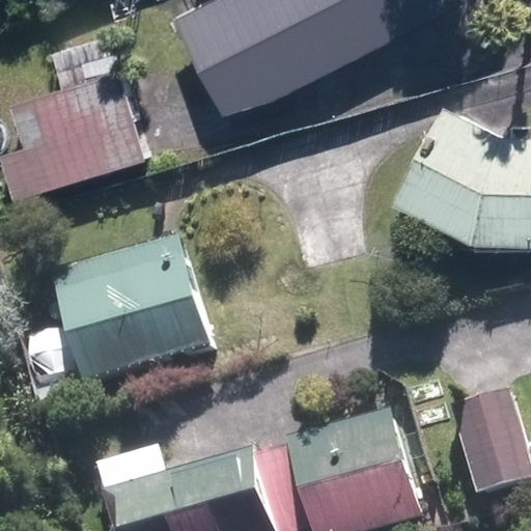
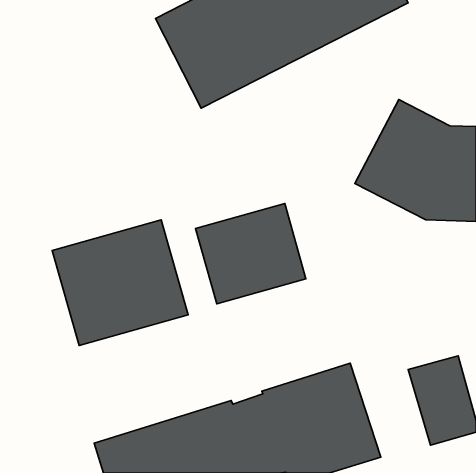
building: [5,77,142,198] -> none
building: none -> [196,204,306,304]

